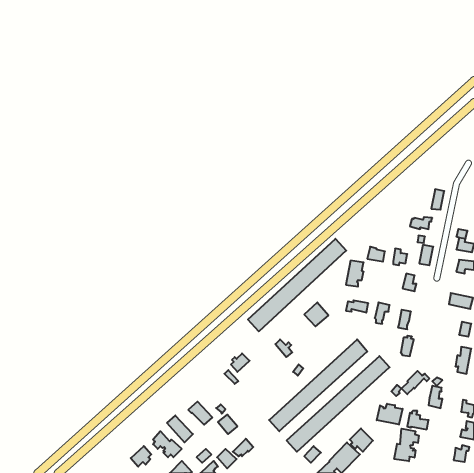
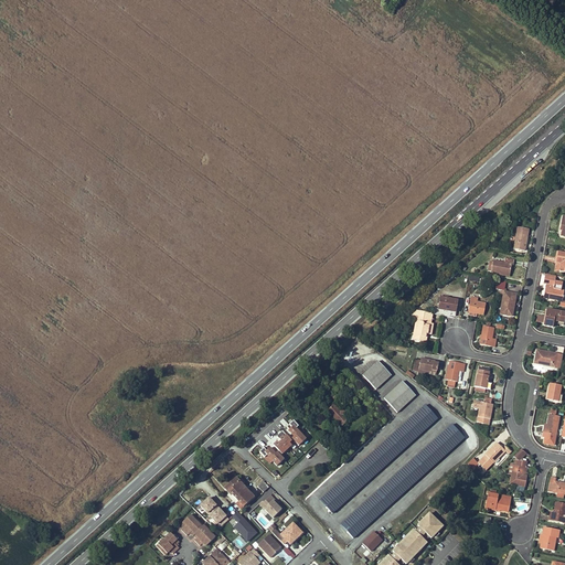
building: [248,239,346,331] -> none
building: none -> [383,381,415,413]
building: [377,404,403,425] -> none
building: [394,429,419,461] -> none

